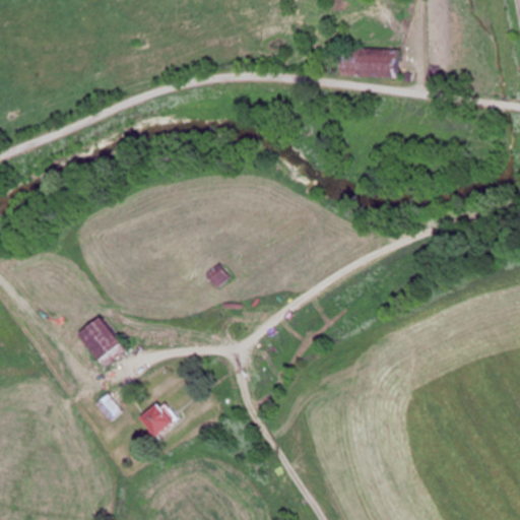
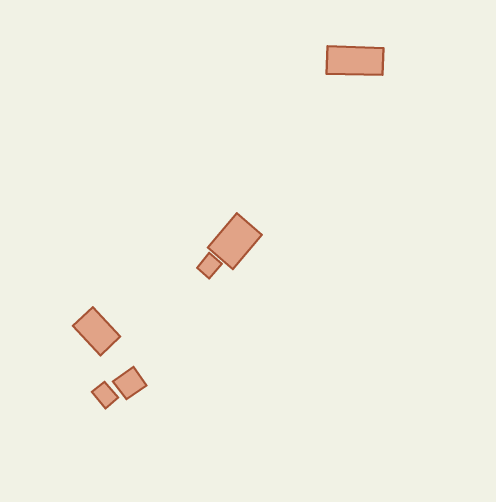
building: none -> [208,213,262,269]
building: [139,402,174,436] -> [113,367,146,399]

